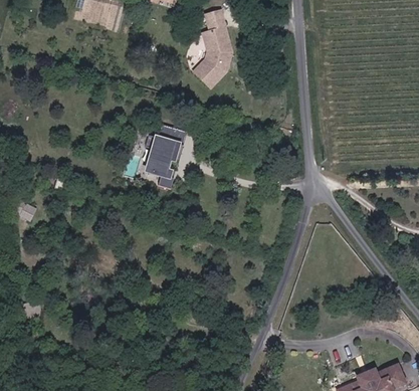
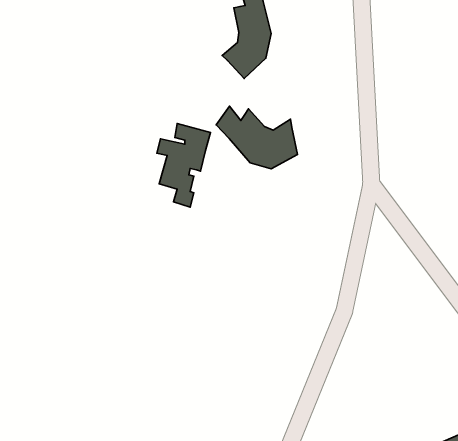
building: none -> [216,106,298,169]

